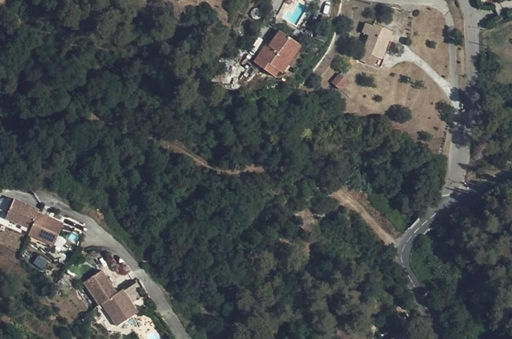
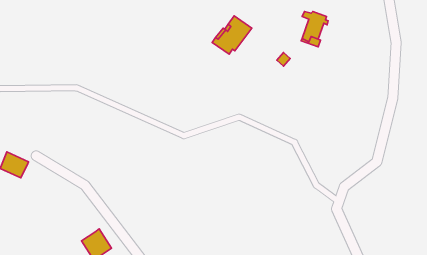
building: [24,207,59,240] -> none
building: [80,265,114,301] -> none

